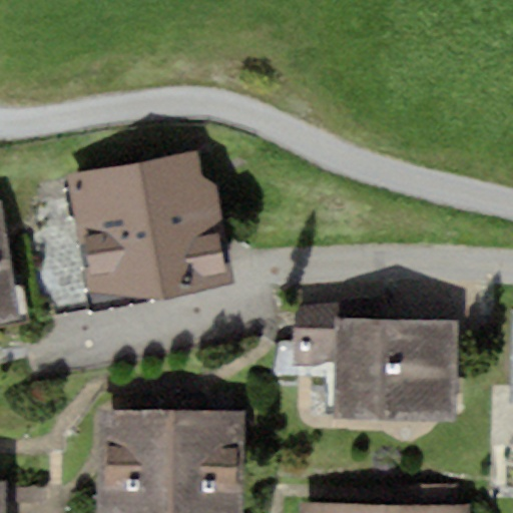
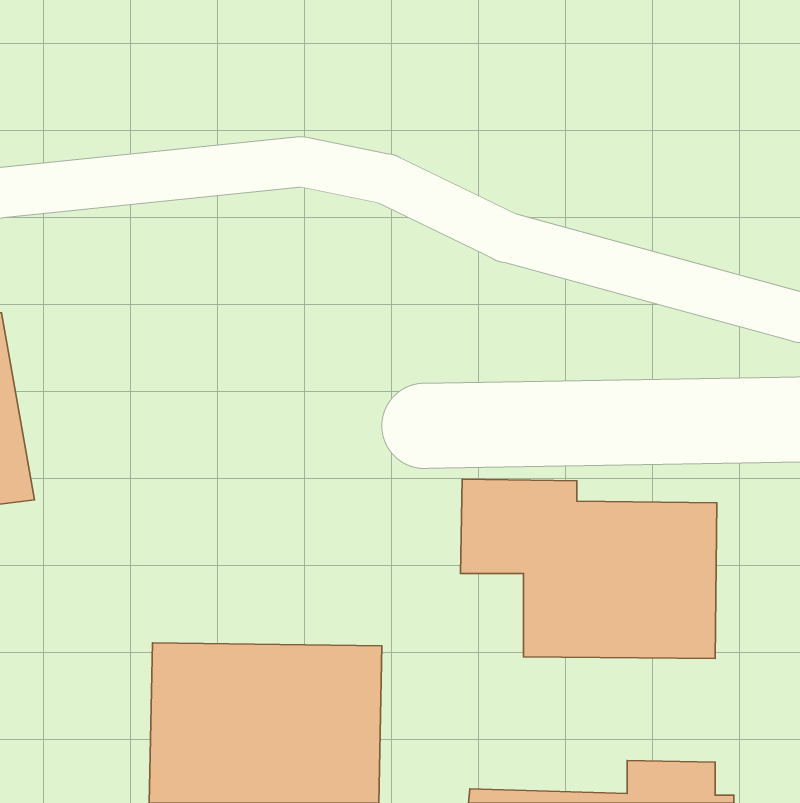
building: [65,151,232,299] -> none

